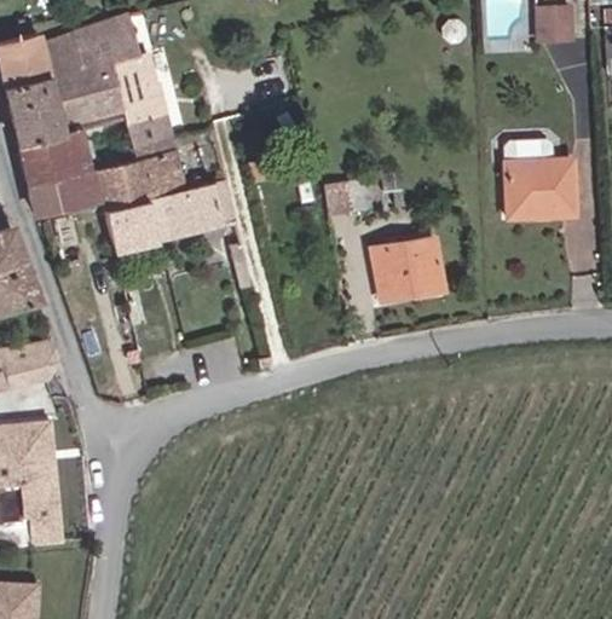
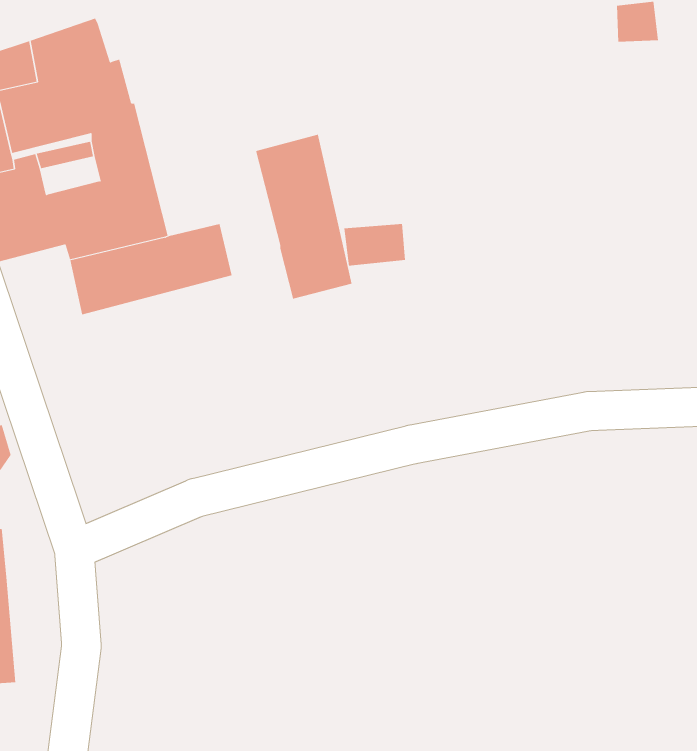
building: none -> [256,134,352,299]
building: [509,162,577,222] -> none
building: [375,243,448,305] -> none

